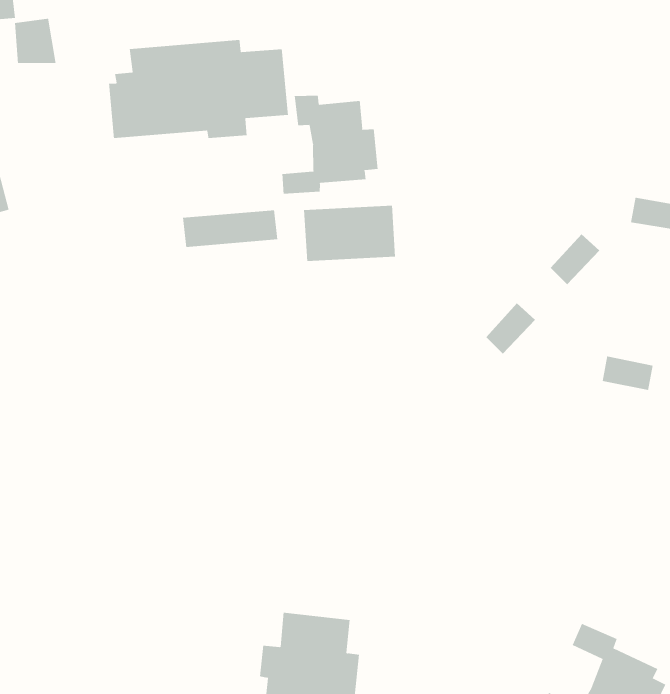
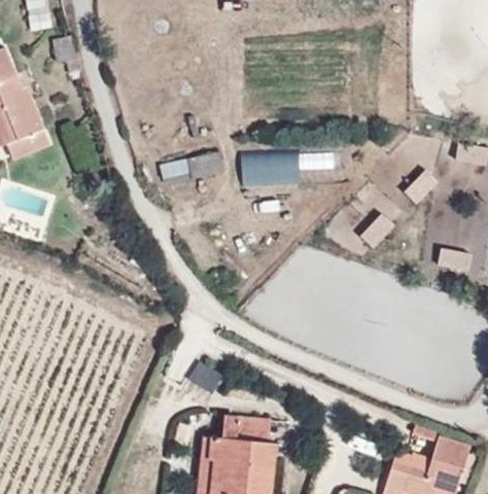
building: [108,39,289,139] -> none
building: [282,95,378,194] -> none

